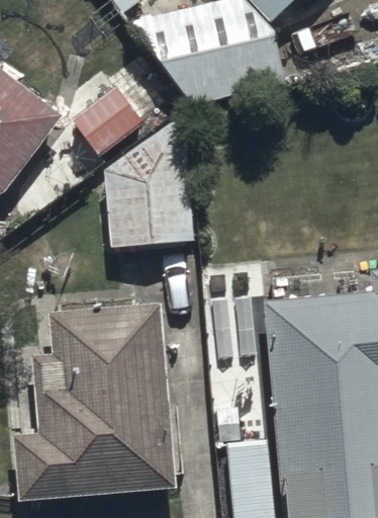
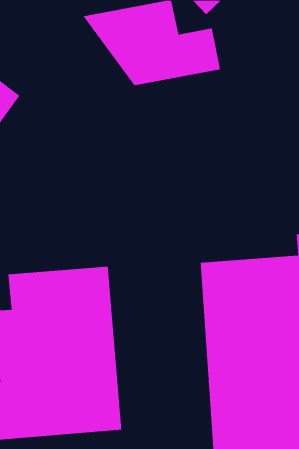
building: [73,85,196,249] -> none

